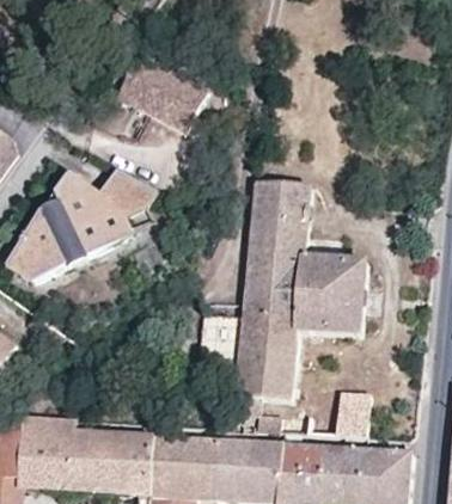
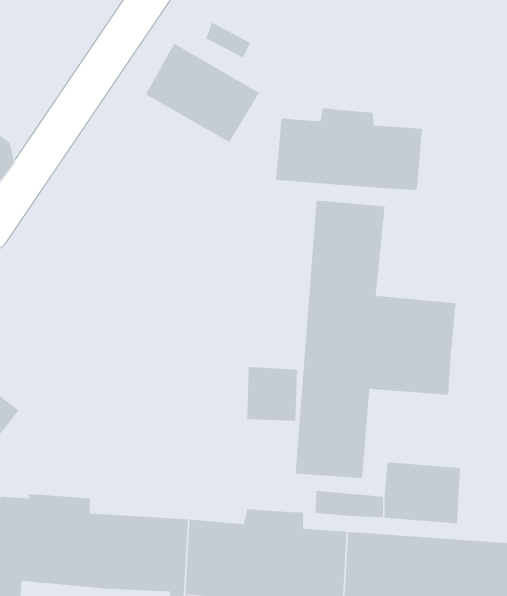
building: none -> [275,107,423,191]
building: [11,168,157,283] -> none

